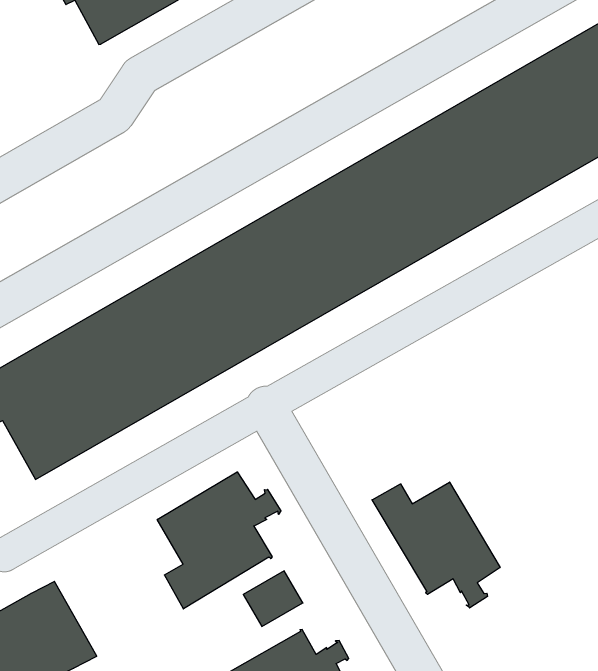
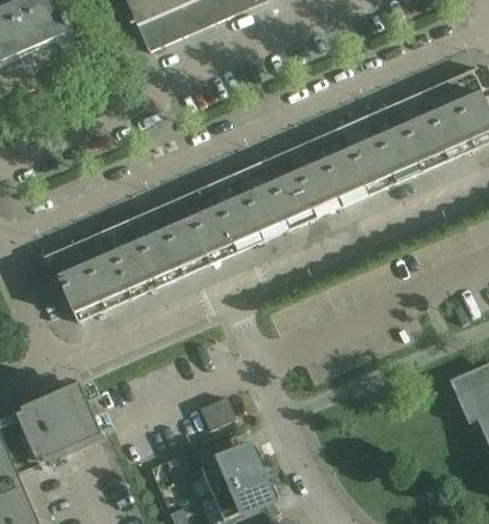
building: [157,472,281,609] -> none
building: [372,482,500,608] -> none

